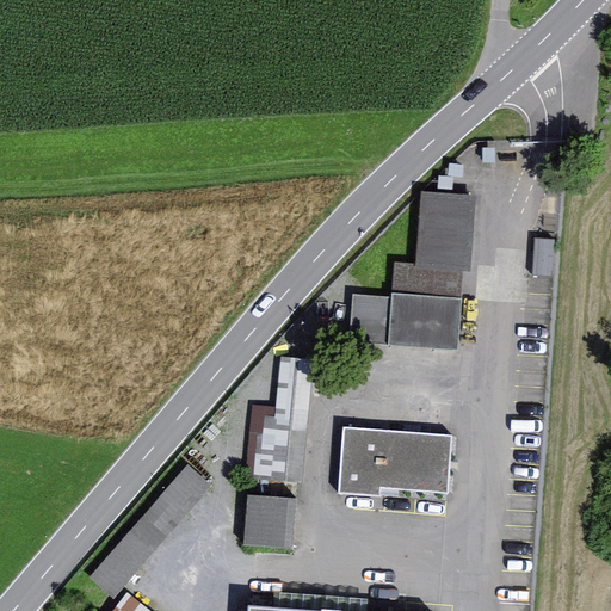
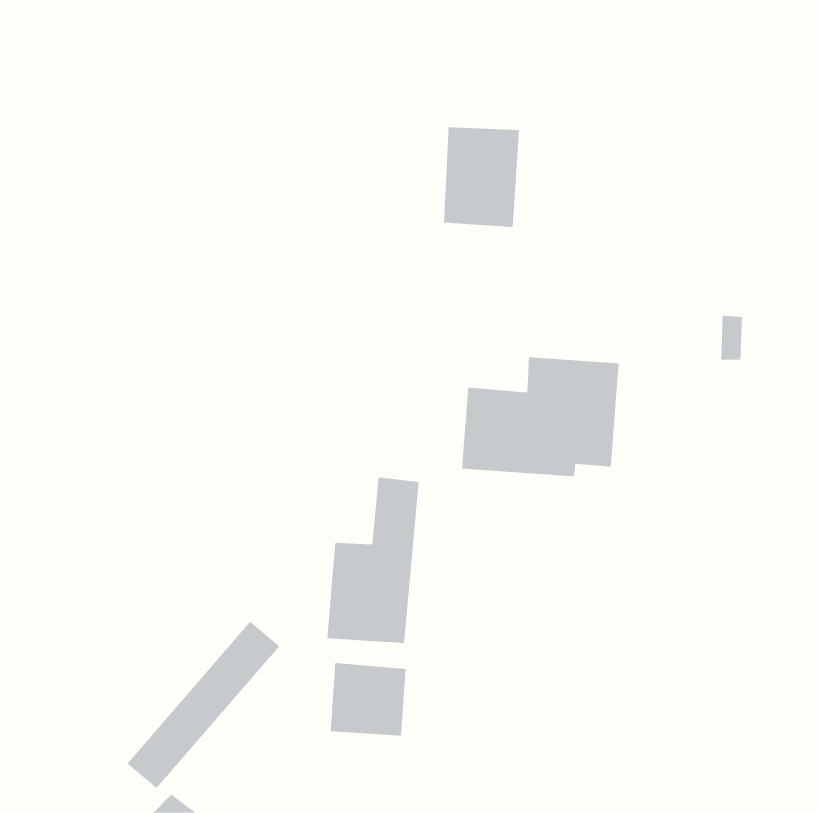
building: [414,191,471,266] -> [443,127,520,228]
building: [339,425,452,495] -> none

